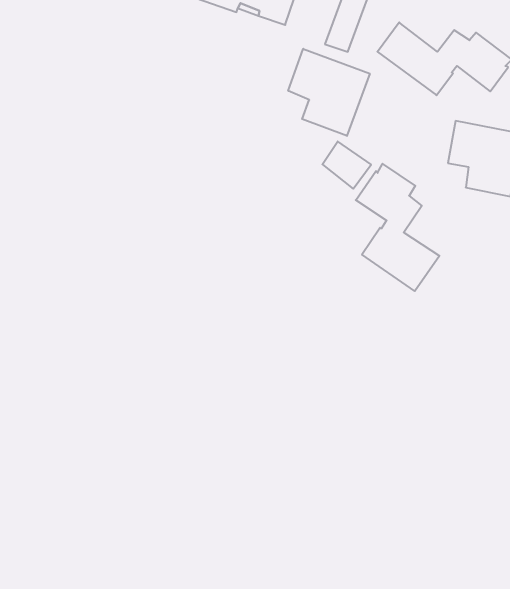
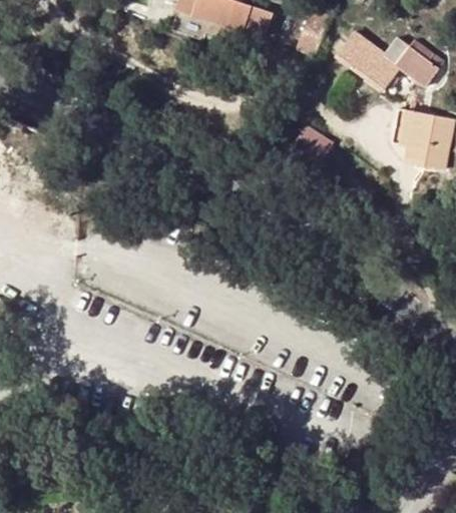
building: [288,49,370,136] -> none
building: [356,164,439,291] -> none

